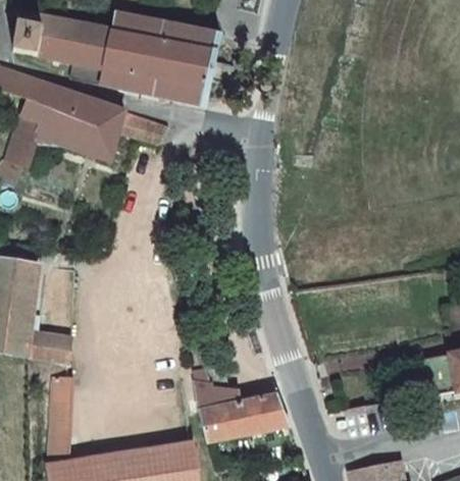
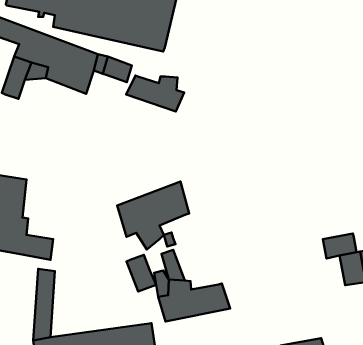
building: none -> [126,75,184,112]
building: none -> [117,182,189,250]
building: none -> [323,233,356,259]
building: none -> [127,255,156,292]

